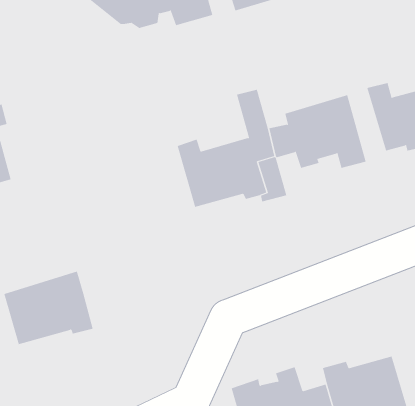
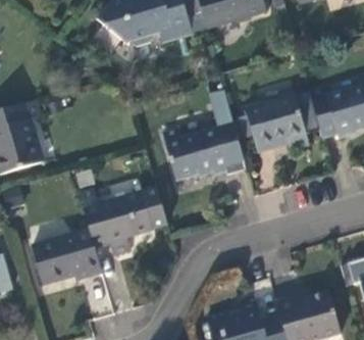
building: none -> [81,186,167,253]

